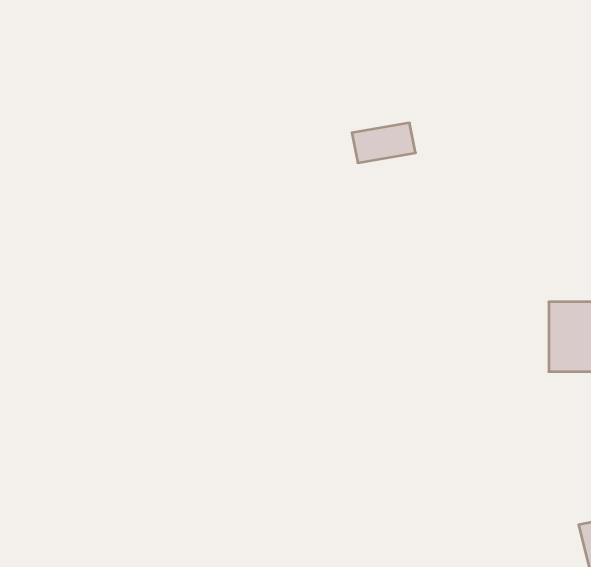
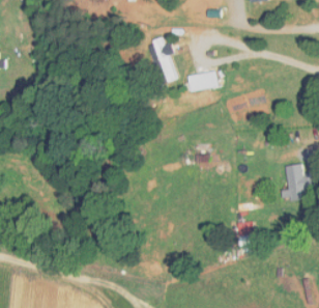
building: none -> [148,36,176,85]

